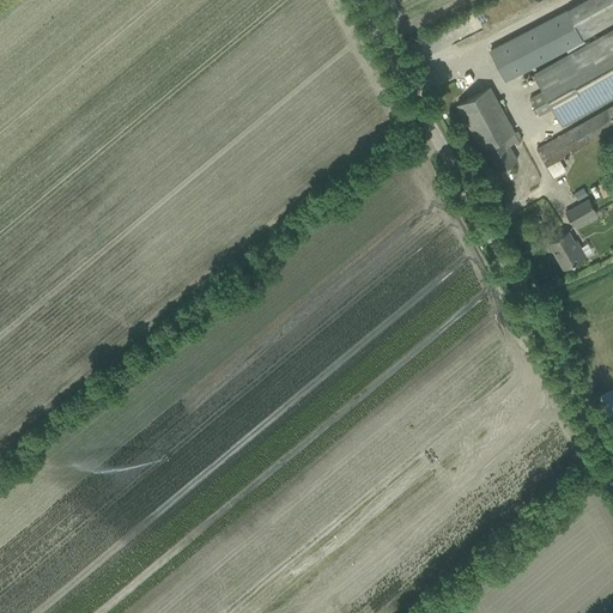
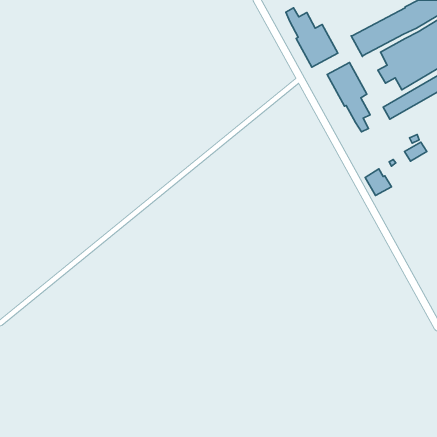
building: none -> [286,8,338,67]
building: [550,232,587,269] -> [365,169,392,196]

